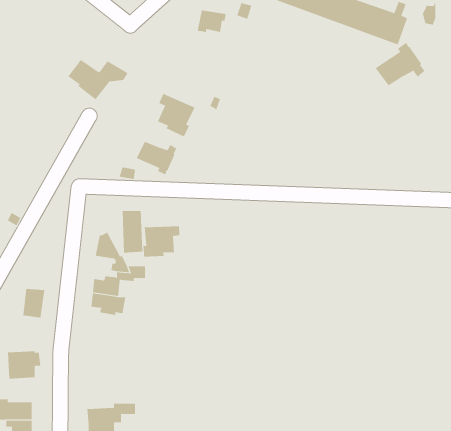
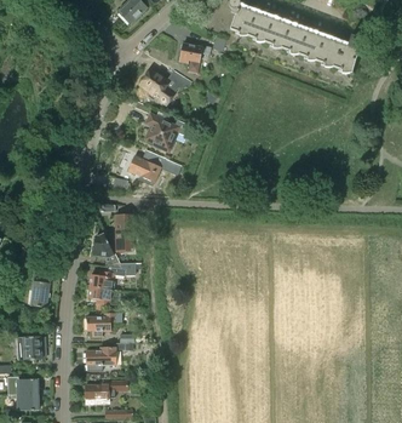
building: [375,42,425,86] -> none
building: [68,59,129,100] -> [140,69,193,104]
building: [143,226,180,257] -> none
building: none -> [86,311,121,336]
building: none -> [86,342,125,371]

